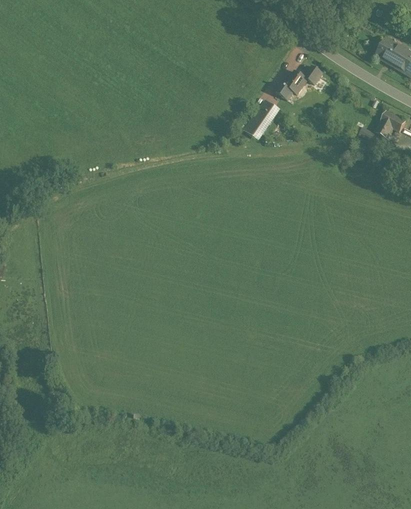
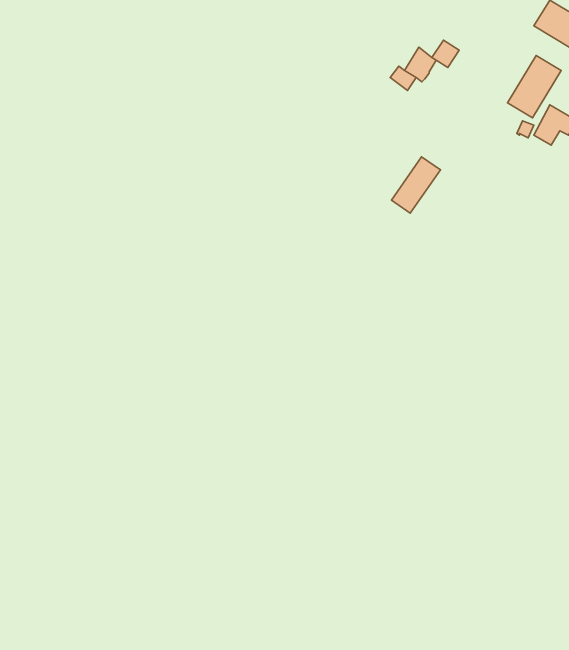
building: none -> [508,56,561,118]
building: [245,100,279,139] -> [391,157,440,213]

